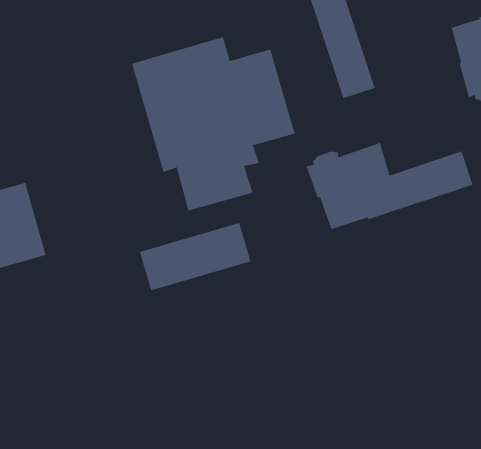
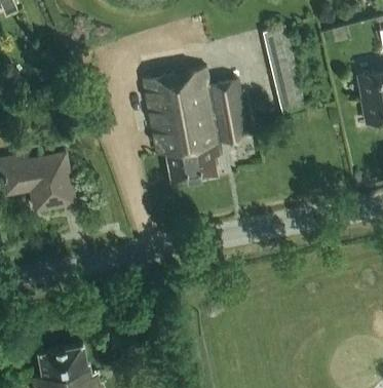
building: [306,142,473,230] -> none
building: [139,222,251,291] -> none

